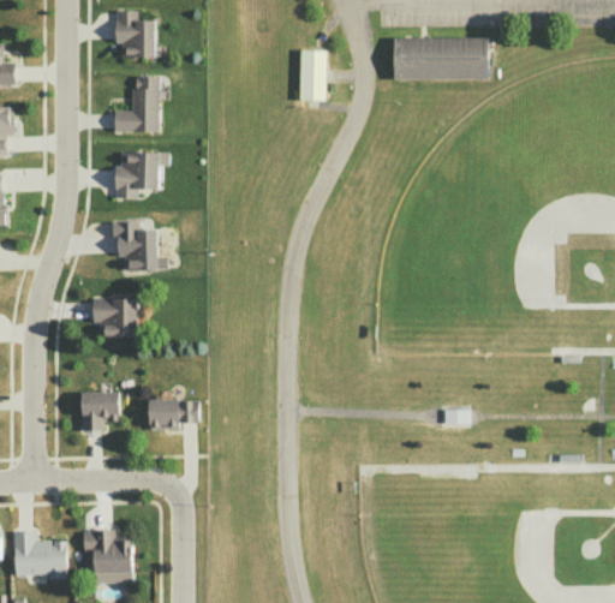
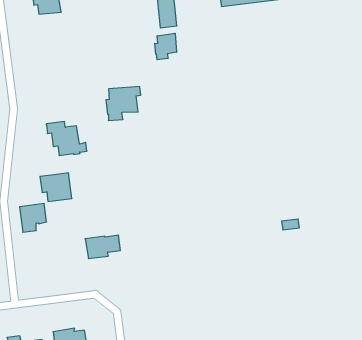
building: [114,76,159,131] -> none
building: none -> [155,33,176,60]
building: [115,150,168,198] -> [106,87,141,120]
building: [82,392,119,430] -> [20,204,47,232]

